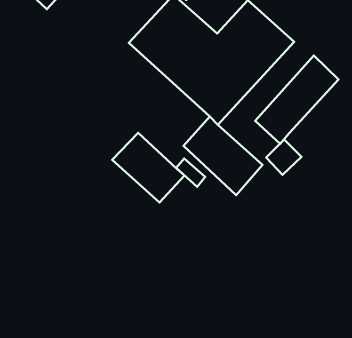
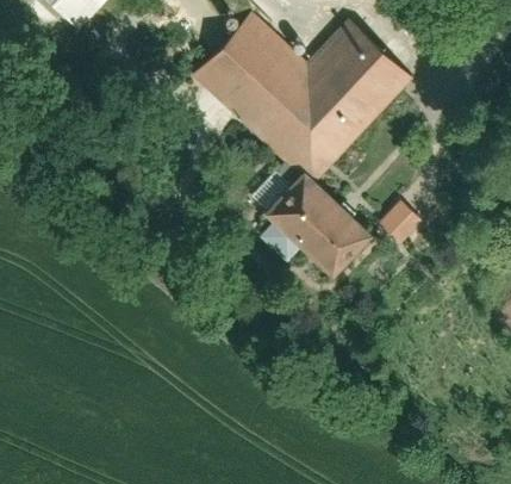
building: [255,56,338,144] -> none
building: [112,133,185,203] -> none

